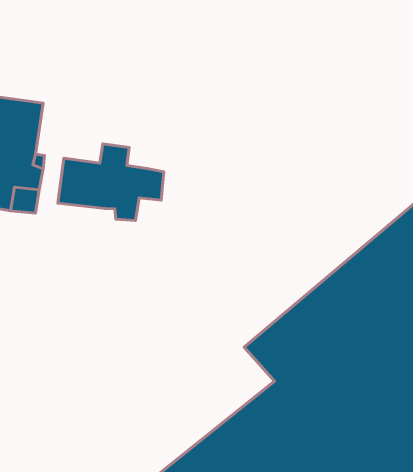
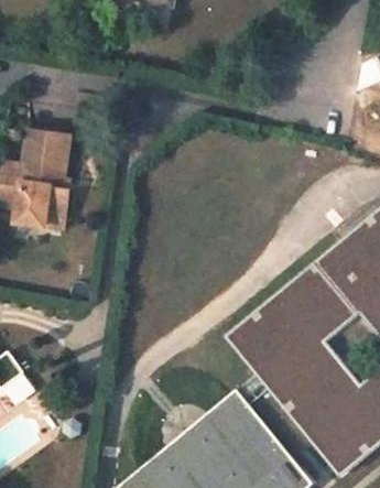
building: [58,144,164,221] -> none

